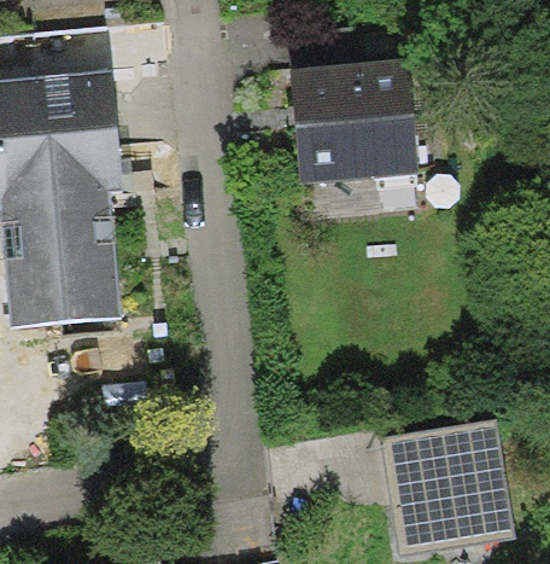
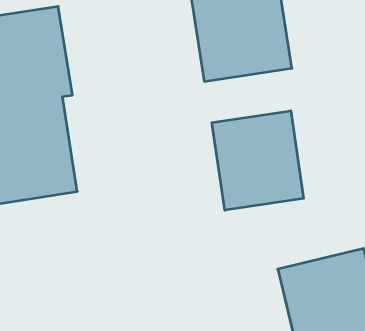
building: none -> [212,111,304,210]

